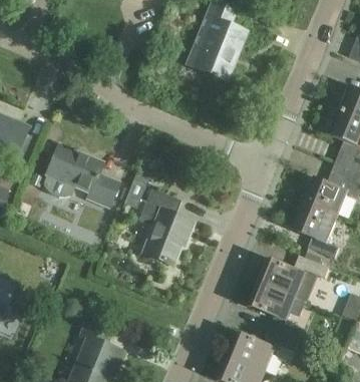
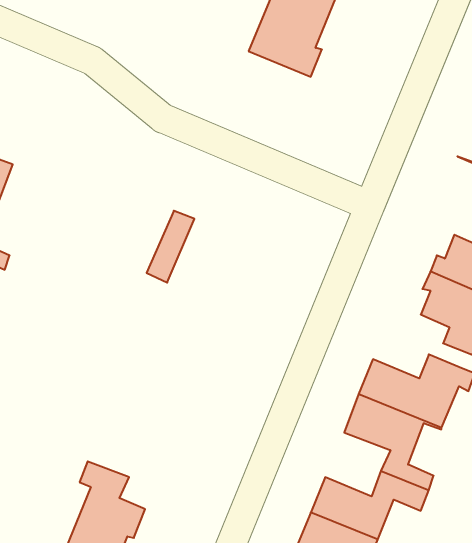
building: [41,142,118,208] -> none
building: [137,187,194,265] -> none

